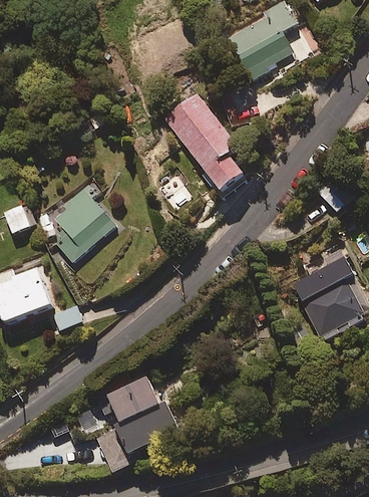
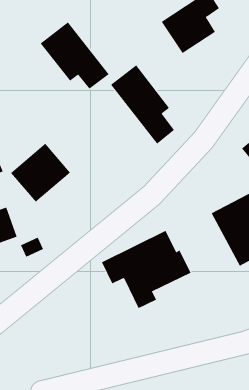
building: none -> [40,21,109,89]
building: [67,376,177,472] -> [101,230,191,309]

